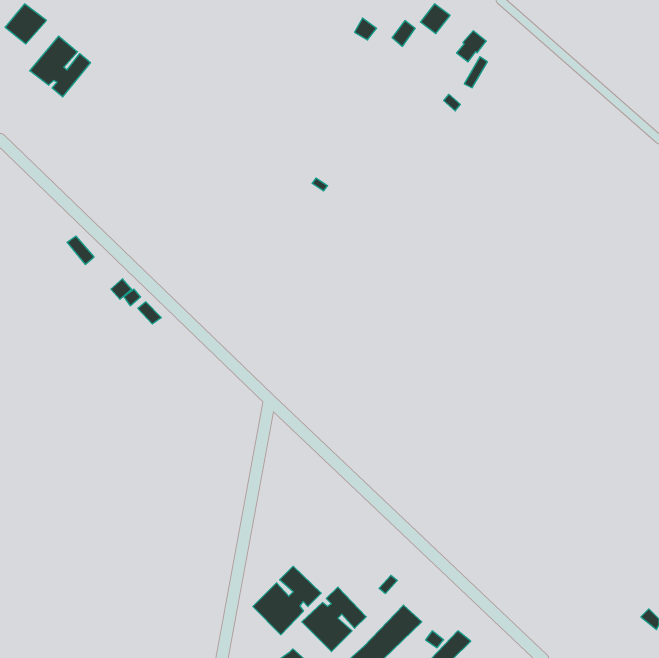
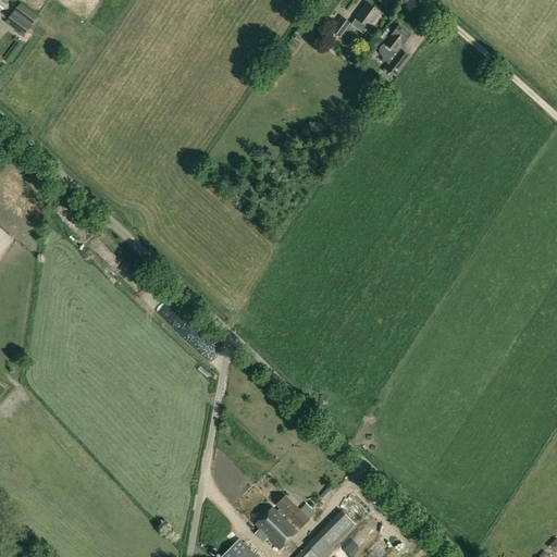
building: [30,36,90,97] -> none
building: [253,566,321,635] -> none

